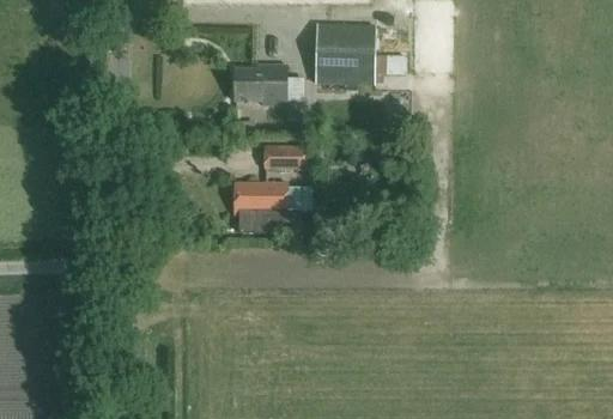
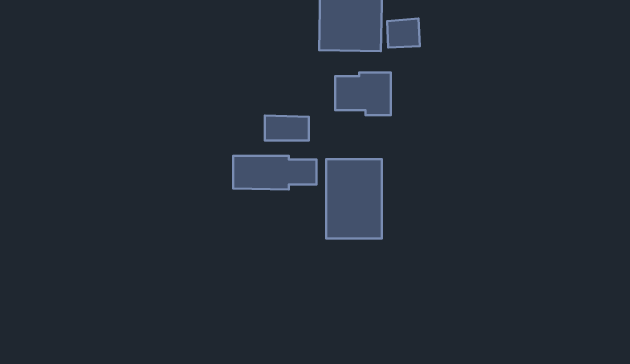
building: [233,65,286,105] -> [335,72,391,115]
building: none -> [326,159,382,238]

